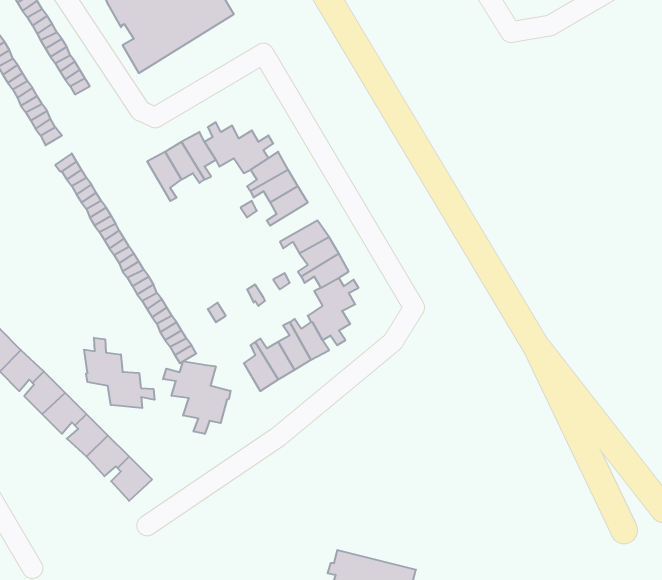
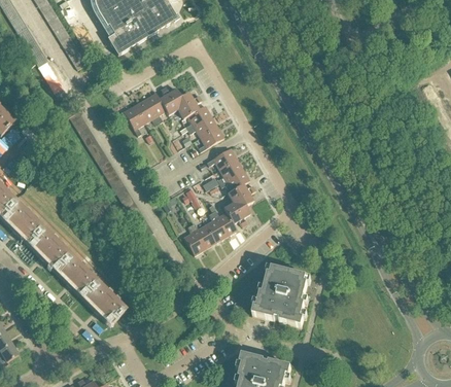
building: [84,338,155,408] -> none
building: [163,361,231,434] -> none
building: none -> [252,266,309,325]

